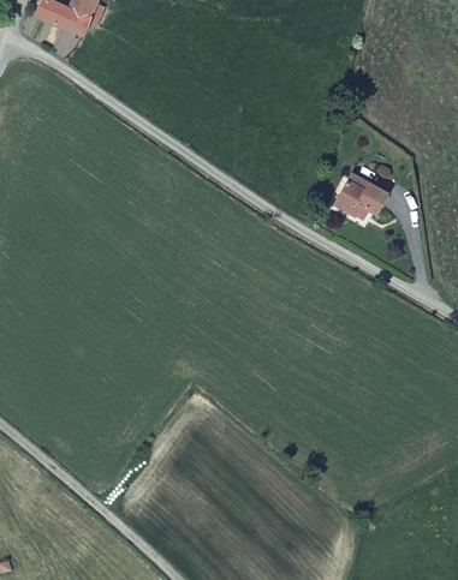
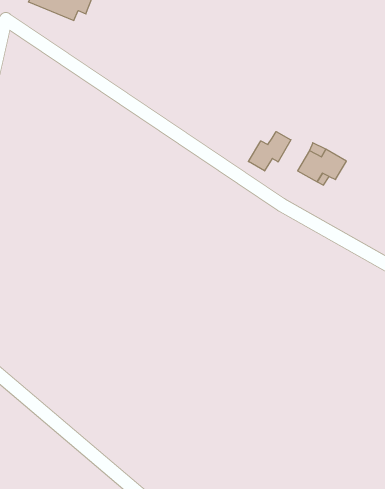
building: none -> [248,132,291,171]

